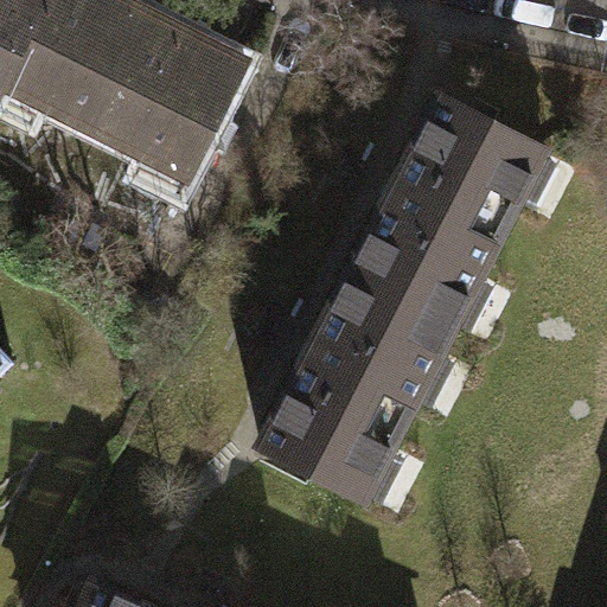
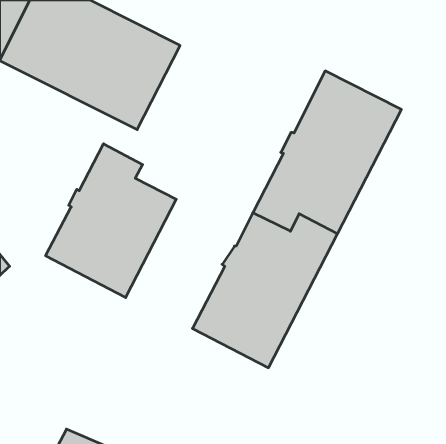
building: none -> [46,144,176,298]

